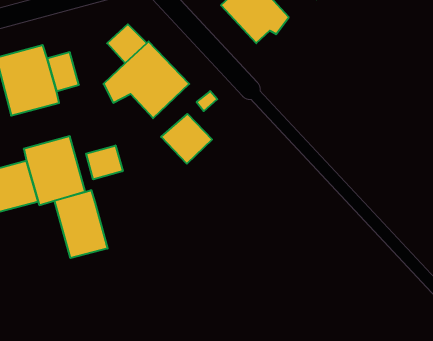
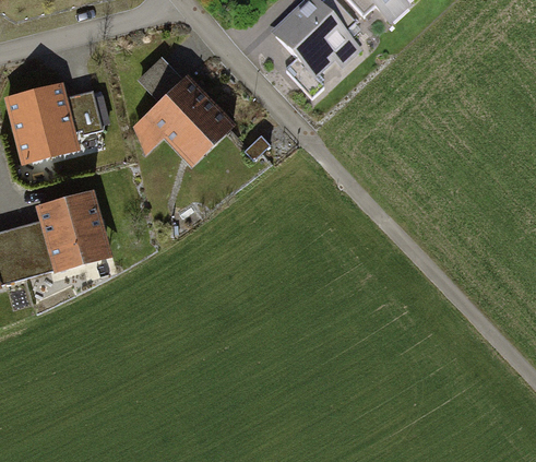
building: [161,114,212,164] -> none
building: [86,145,123,179] -> none
building: [54,190,108,258] -> none

